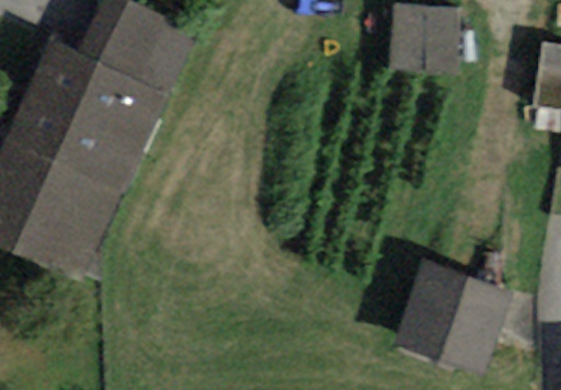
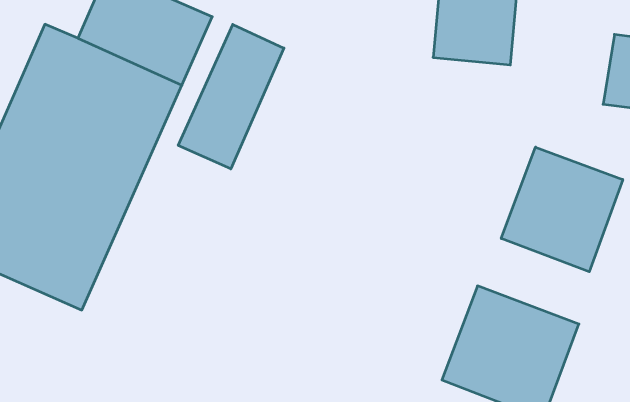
building: none -> [178,24,284,169]
building: none -> [501,147,623,272]

